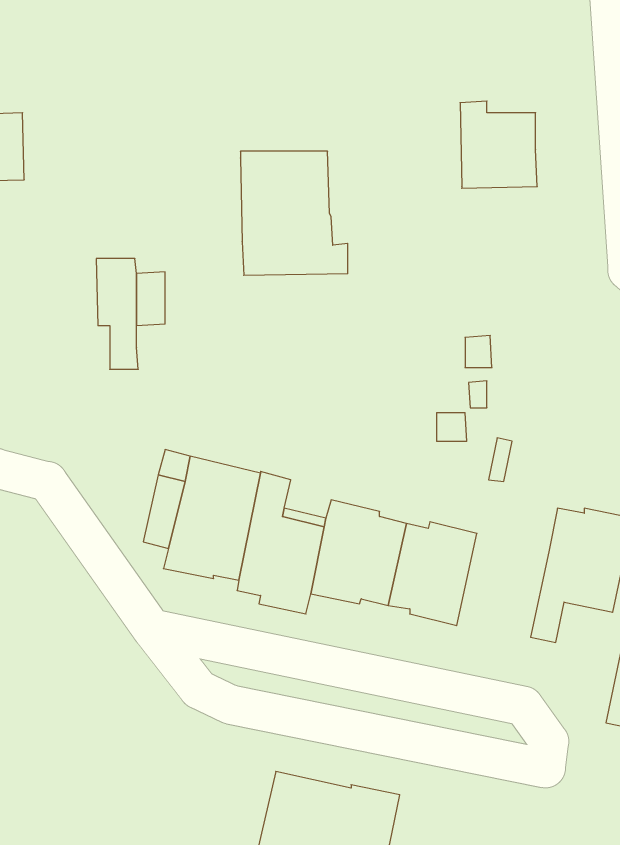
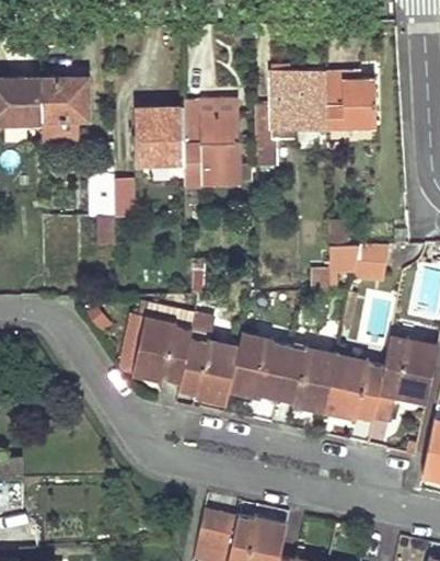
building: none -> [253,72,326,168]
building: none -> [39,79,88,145]
building: none -> [137,108,183,164]
building: none -> [352,245,390,282]
building: none -> [323,354,383,422]

